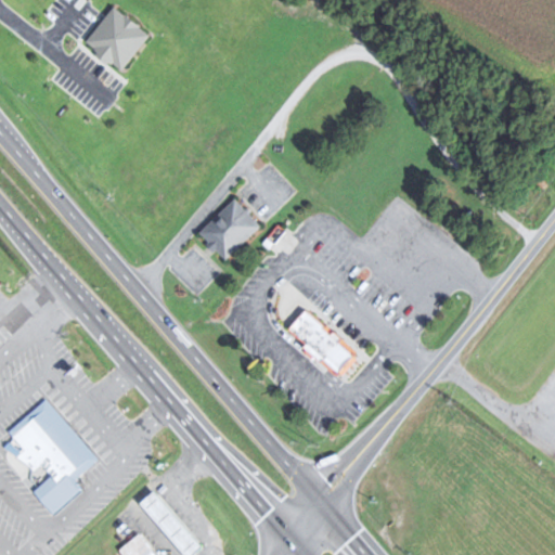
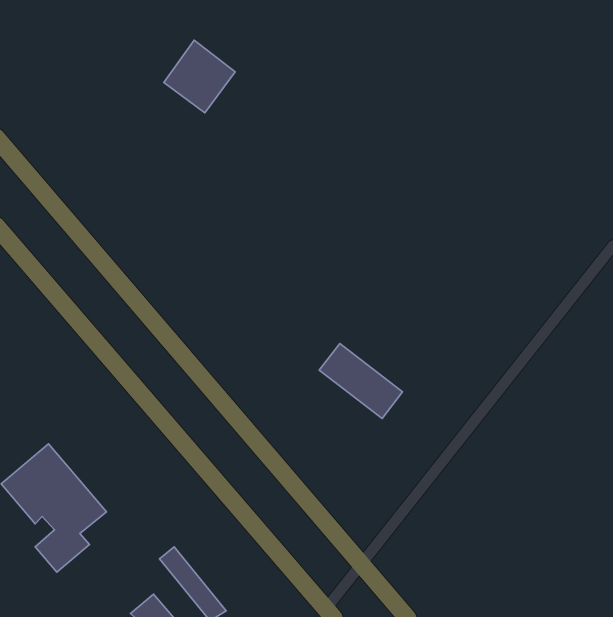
building: [86,5,150,70] -> [164,40,235,113]
building: [196,198,259,260] -> none

